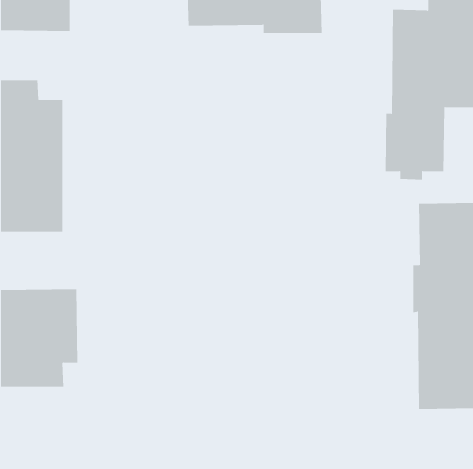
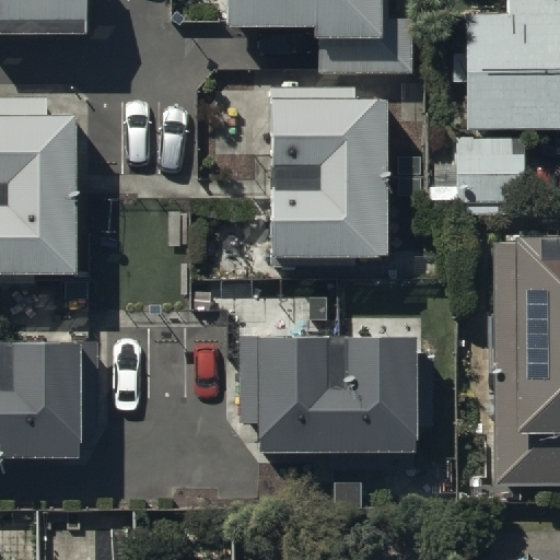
building: none -> [267,84,385,260]
building: none -> [255,338,434,454]

